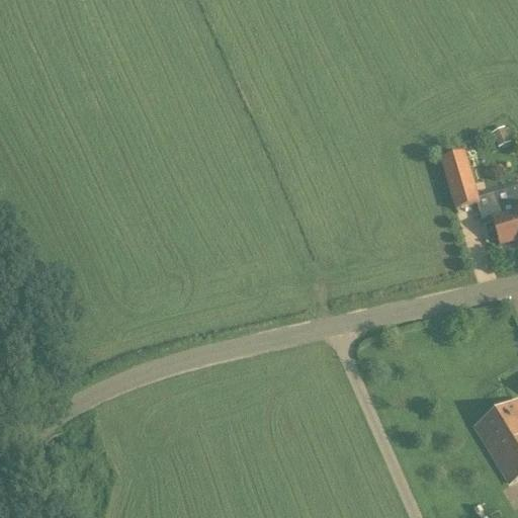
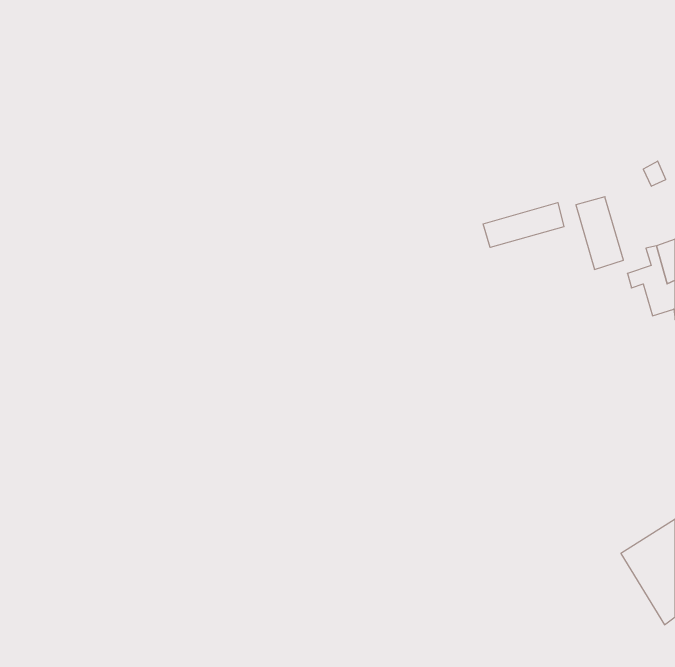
building: none -> [483,203,564,247]

